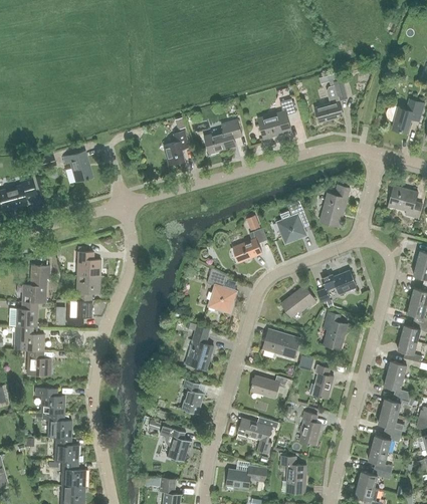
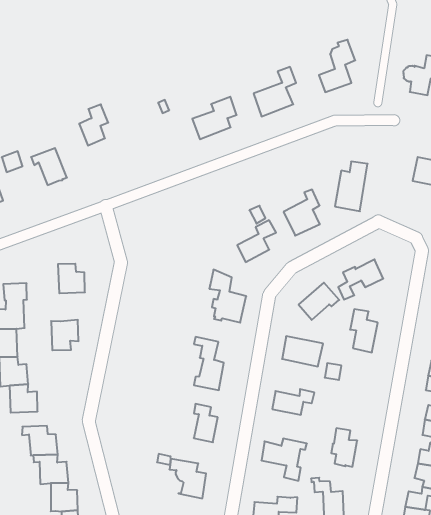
building: [164,132,189,166] -> [79,104,108,146]
building: [76,276,99,300] -> none
building: [312,365,334,398] -> none

